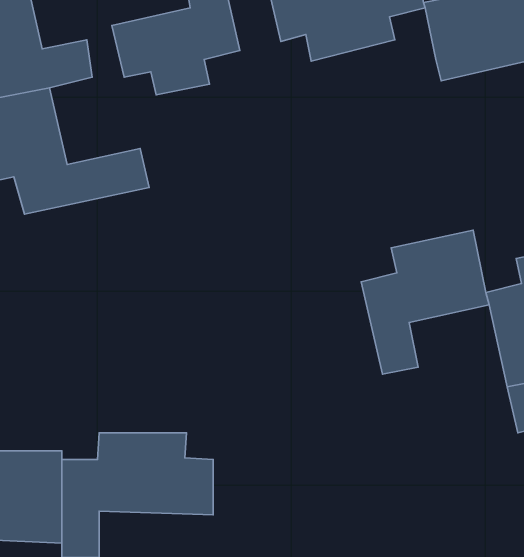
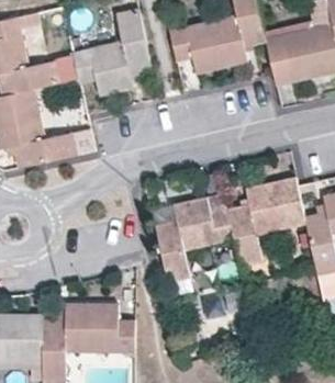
building: none -> [155,193,236,283]

